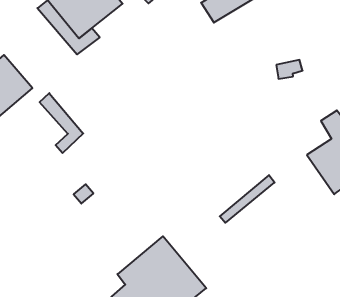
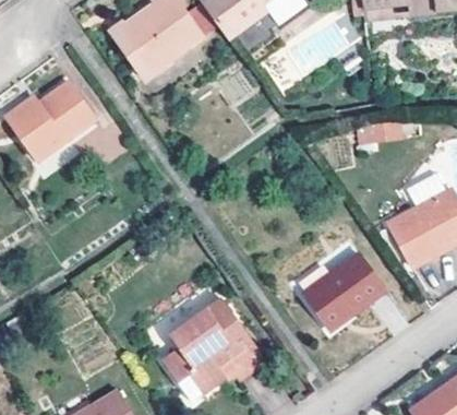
building: [40,93,83,153] -> none
building: none -> [300,252,384,329]

